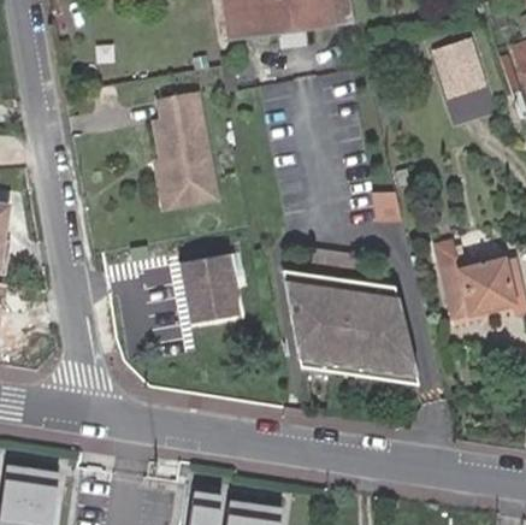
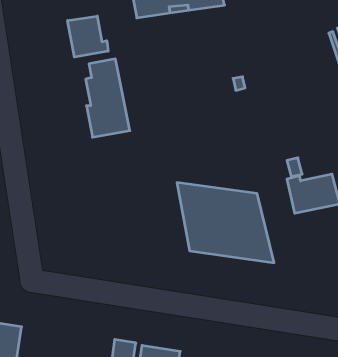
building: none -> [68,16,108,57]
building: [436,49,485,106] -> none
building: [181,253,242,322] -> none

